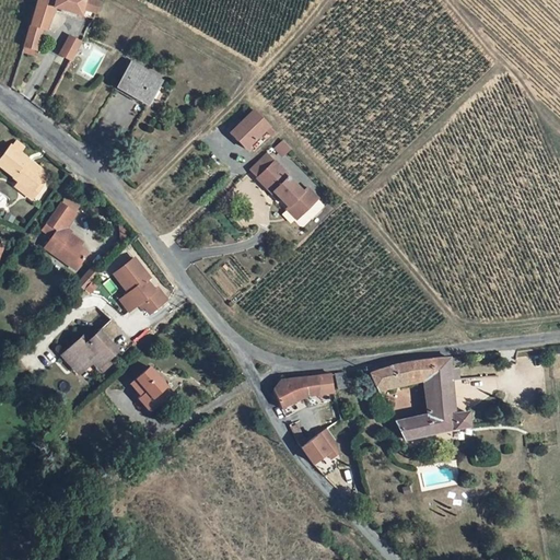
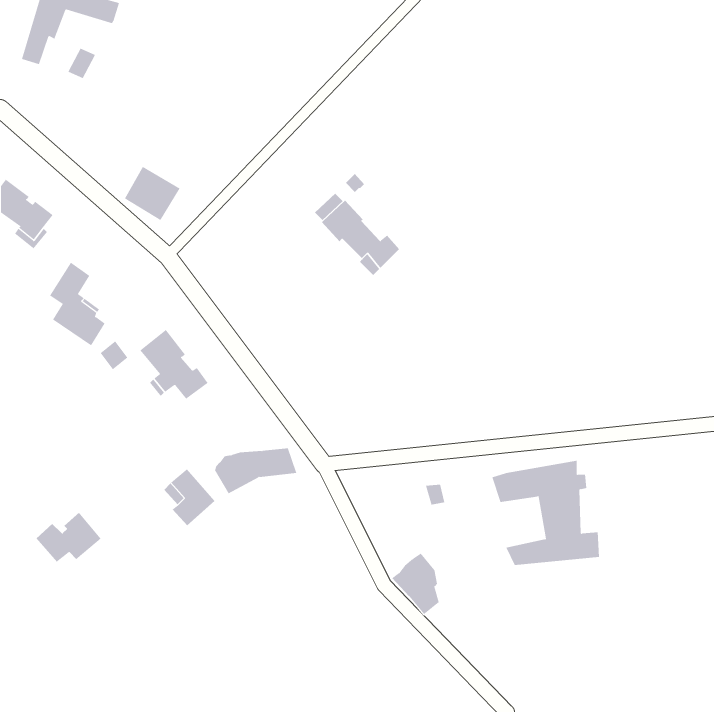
building: [113,65,156,107] -> [124,166,180,221]
building: [232,104,277,148] -> none
building: [66,328,117,368] -> [35,512,102,563]
building: [273,378,338,415] -> [214,448,297,494]

